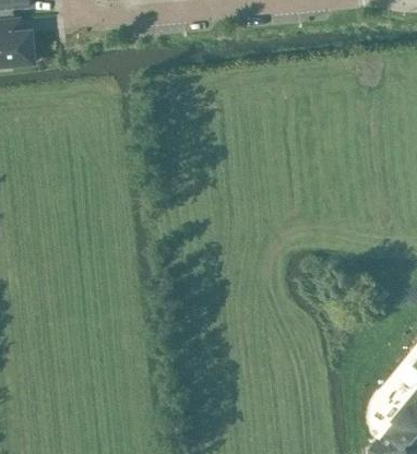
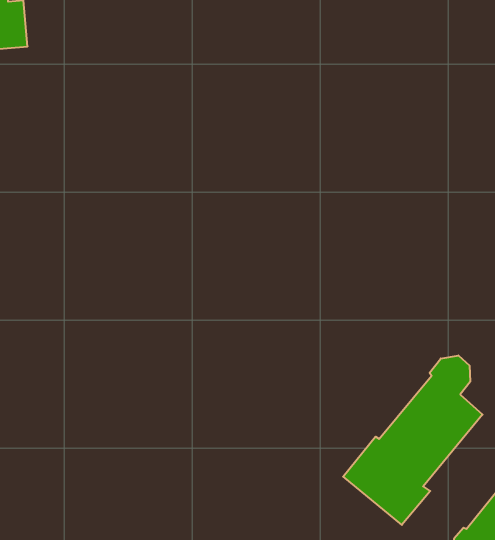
building: none -> [343,355,483,525]

